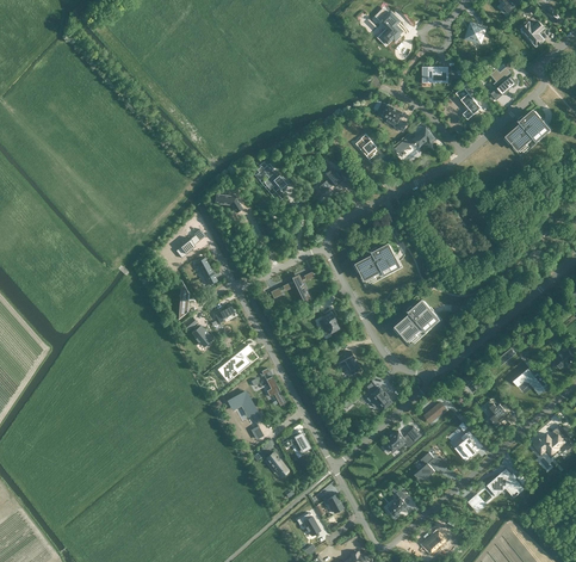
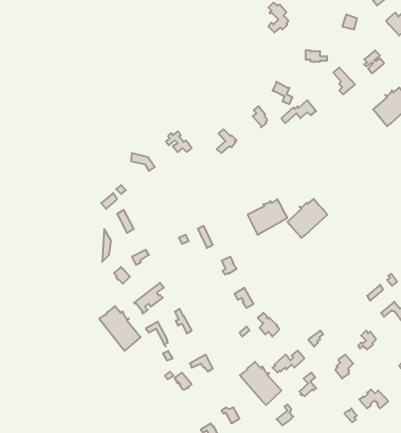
building: [391,299,439,346] -> [287,199,327,238]
building: none -> [99,306,141,351]
building: none -> [240,362,281,405]

